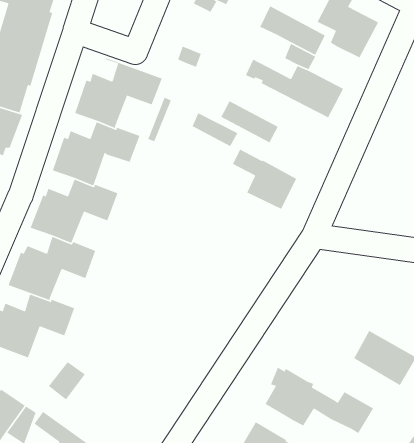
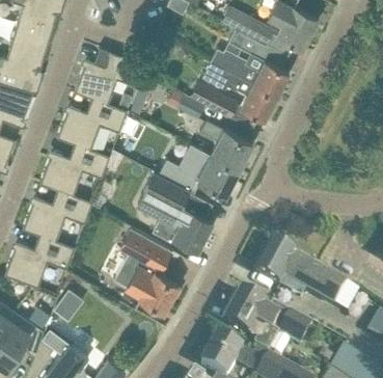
building: none -> [201,61,276,119]
building: none -> [180,155,239,194]
building: none -> [137,172,211,249]
building: none -> [109,228,177,312]
building: none -> [253,242,308,288]

